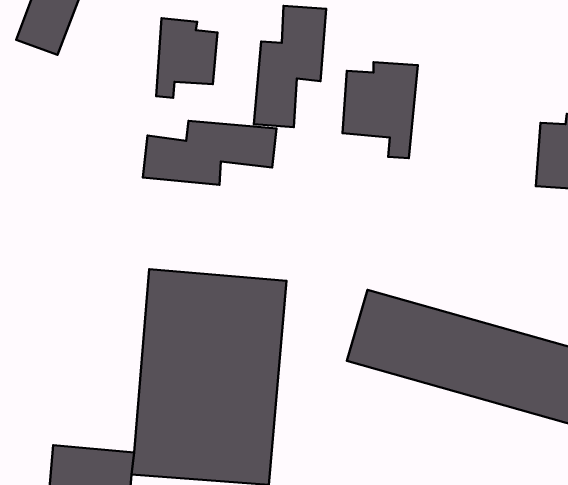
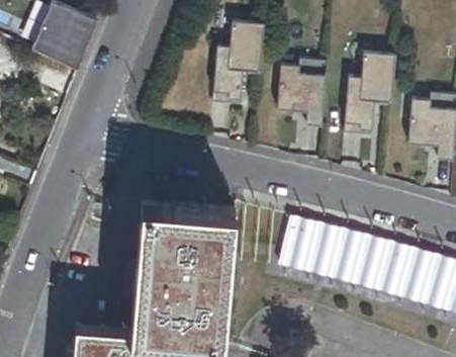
building: [156,18,217,98] -> none
building: none -> [345,52,395,136]
building: [143,121,276,185] -> none

